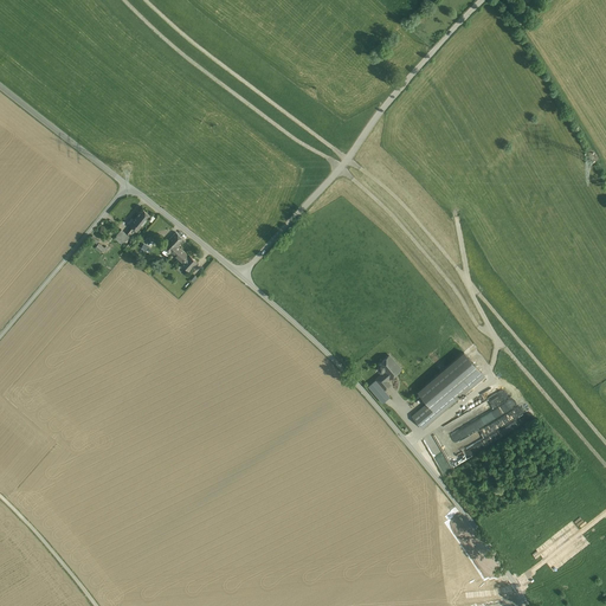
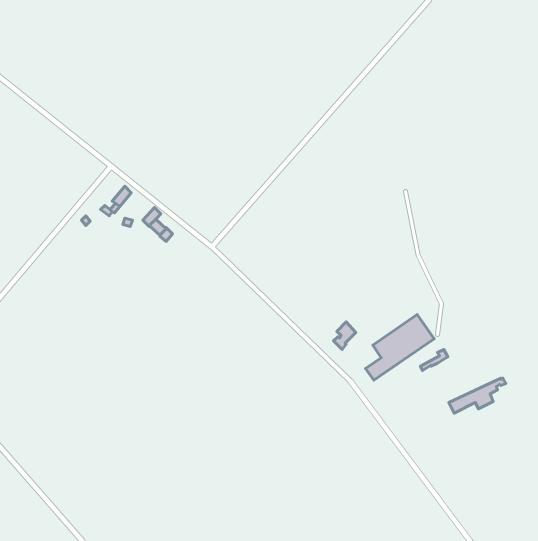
building: [445,406,509,445] -> [449,378,506,413]

